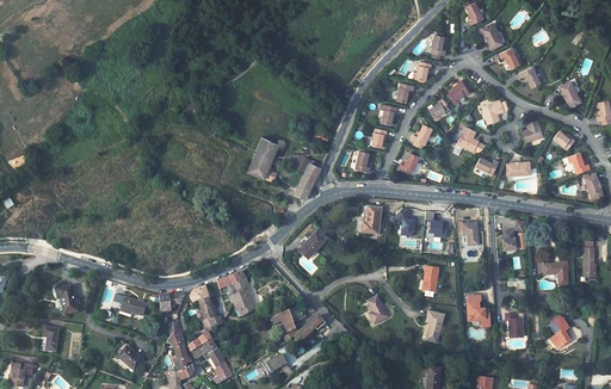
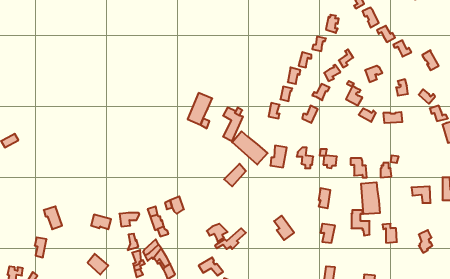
building: none -> [232,131,268,165]
building: none -> [361,182,380,214]
building: [232,270,255,315] -> none

